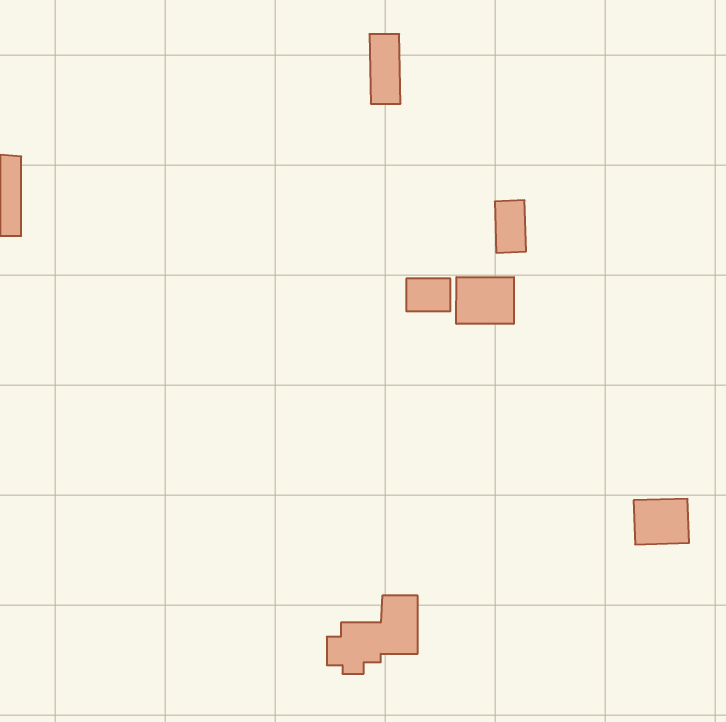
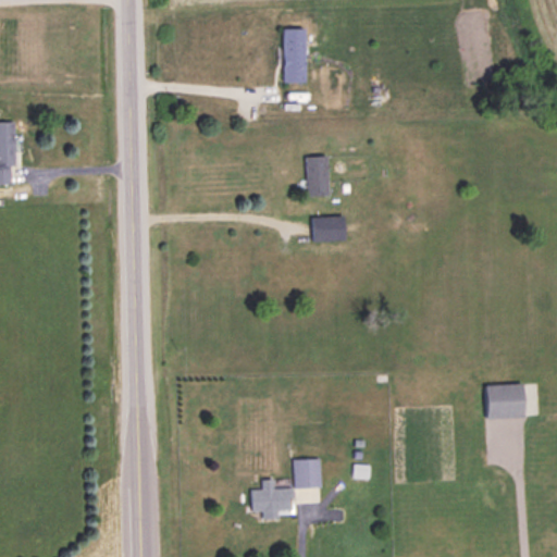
building: [495,200,526,253] -> [305,156,329,196]
building: [456,277,514,324] -> none

